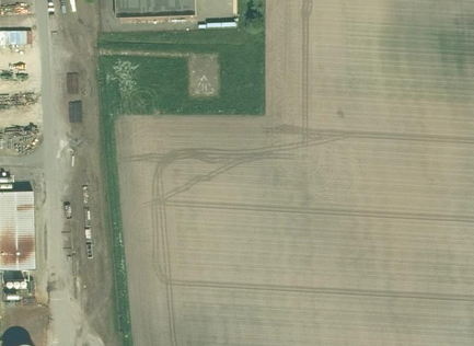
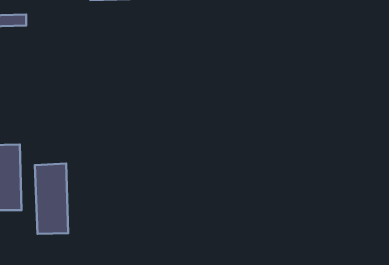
building: none -> [35,163,68,234]

